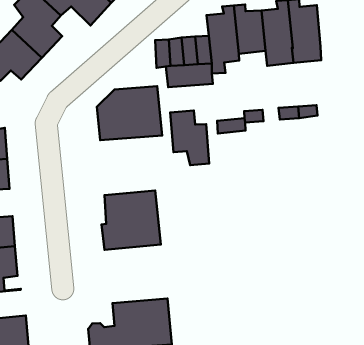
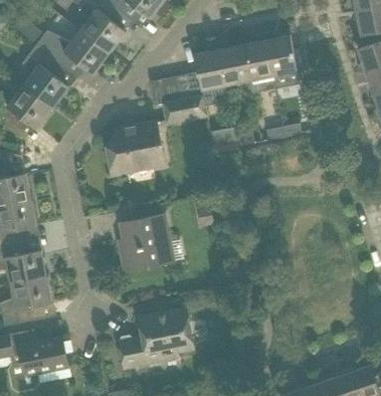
building: [170,111,209,165] -> none

